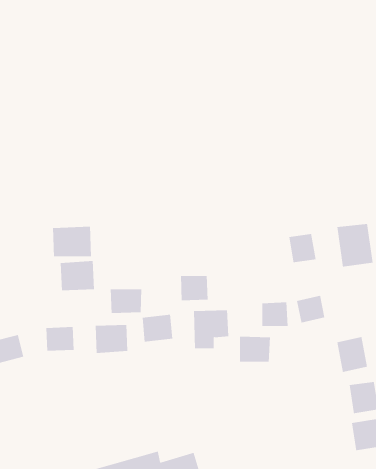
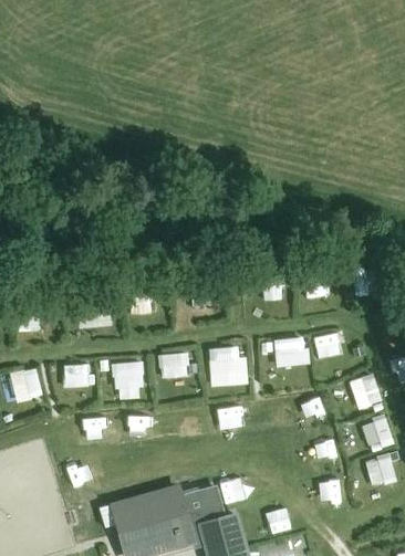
building: [52,226,92,257] -> none
building: [180,275,208,301] -> none
building: [110,288,142,314] -> none
building: [239,336,271,363] -> none

